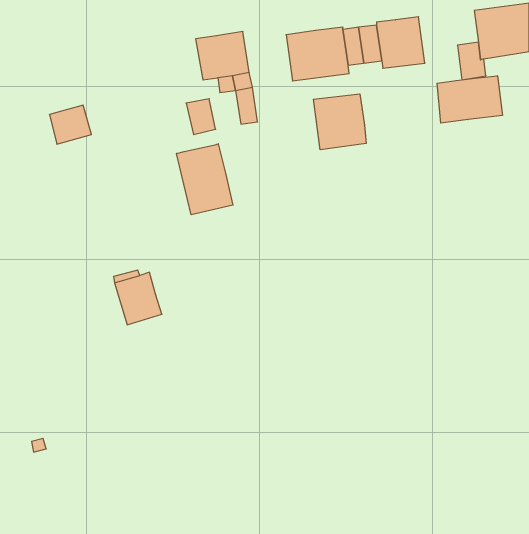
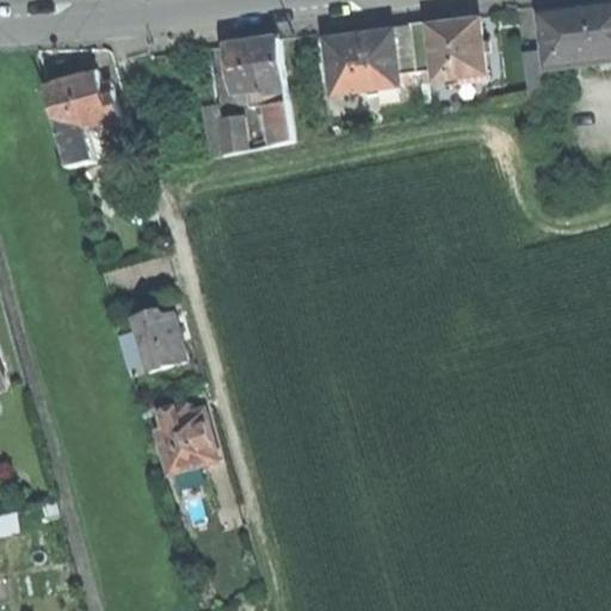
building: none -> [43,68,115,130]
building: [437,76,502,123] -> none
building: [313,94,366,150] -> none
building: [177,144,233,215] -> none
building: none -> [153,401,214,476]

